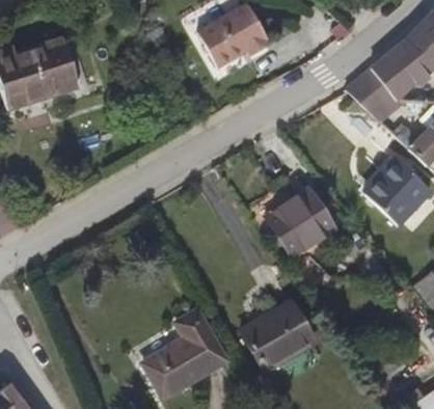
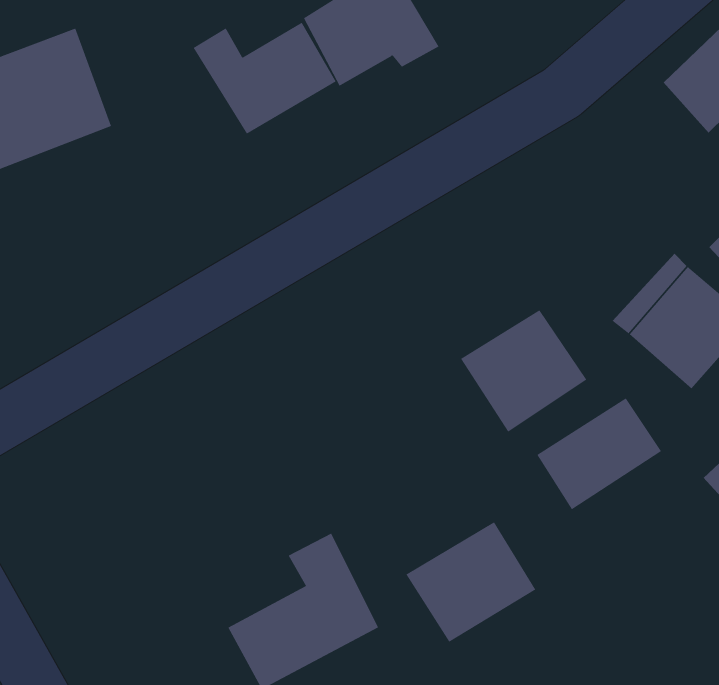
building: none -> [193,22,337,135]
building: [358,62,410,117] -> none
building: none -> [537,397,662,510]

